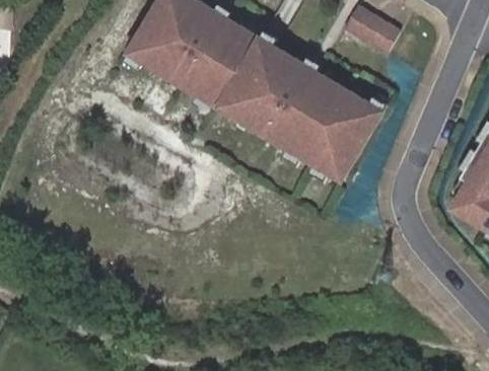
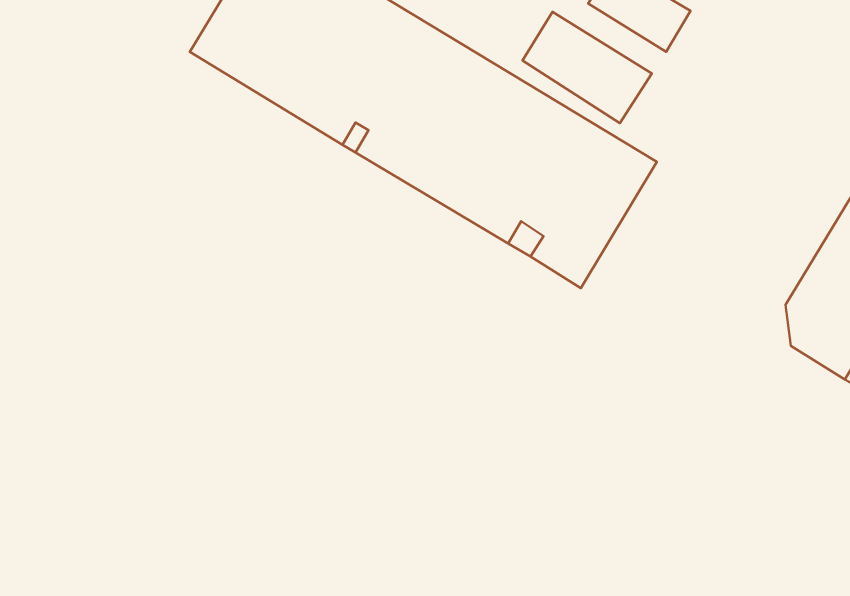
building: none -> [522,12,652,123]

